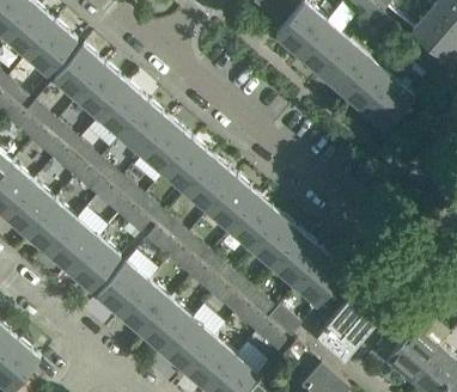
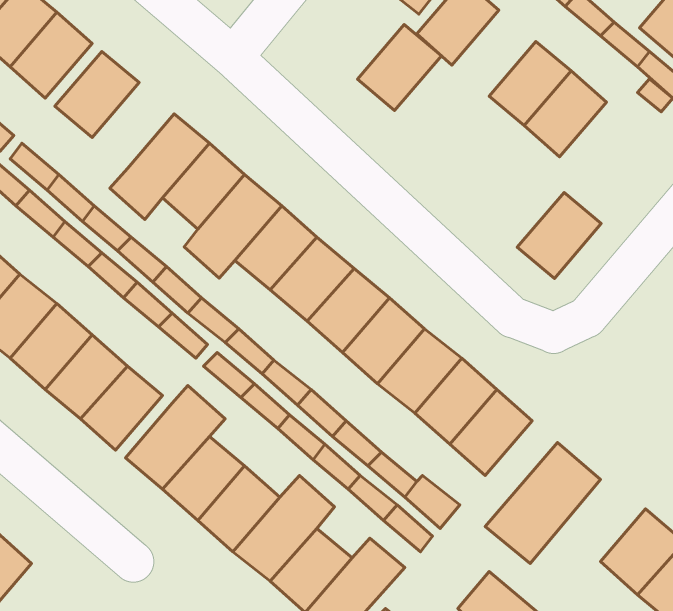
building: [297,22,348,74] -> [357,24,441,110]
building: [77,66,127,118] -> none
building: [362,78,414,130] -> [517,192,601,278]

